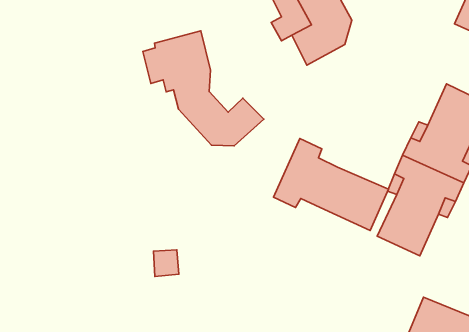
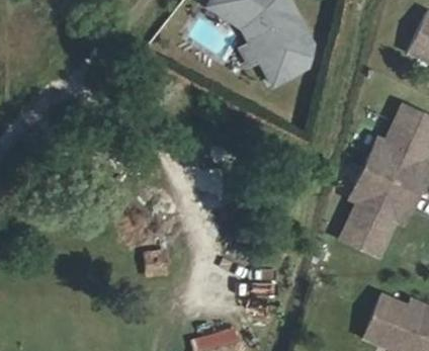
building: [143,31,264,146] -> none
building: [273,138,388,231] -> none

